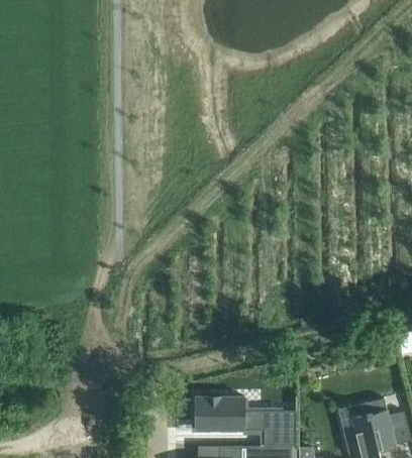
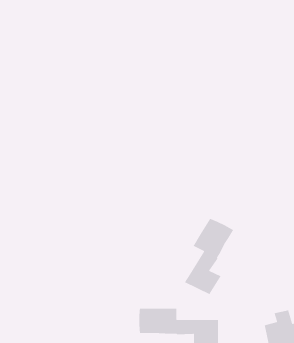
building: none -> [184,218,234,295]

